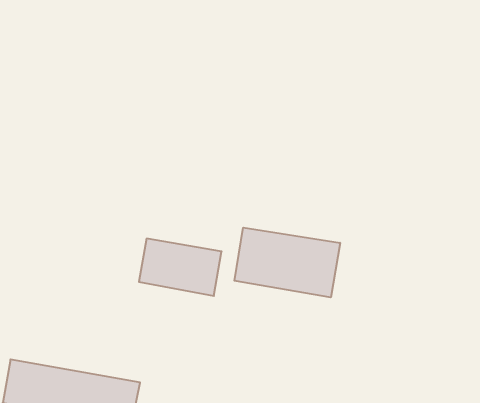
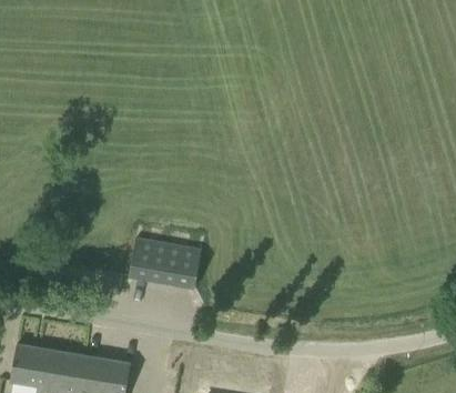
building: [234,228,340,297] -> none

